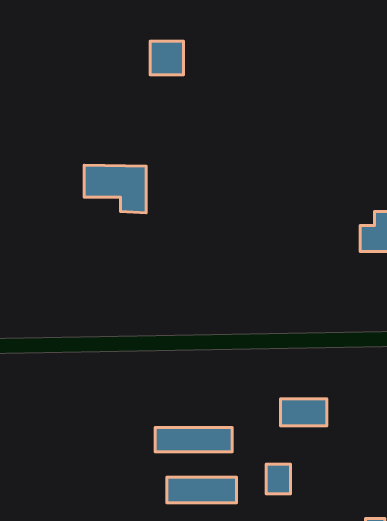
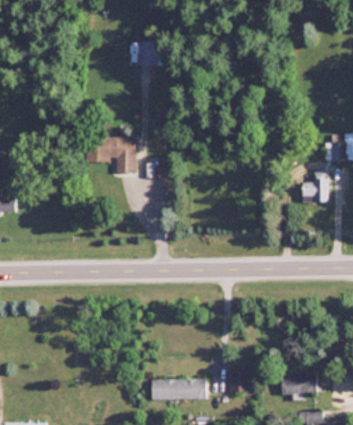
building: [280,399,327,426] -> [280,373,316,394]
building: [155,428,232,452] -> none

